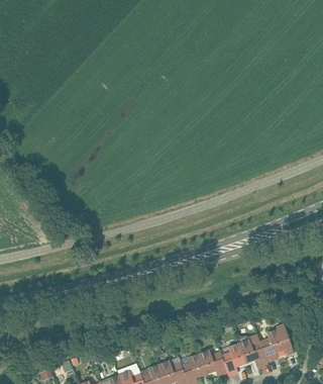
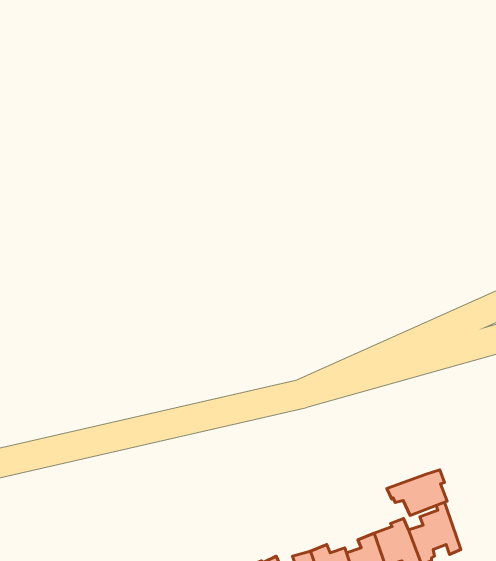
building: none -> [387,470,447,516]

